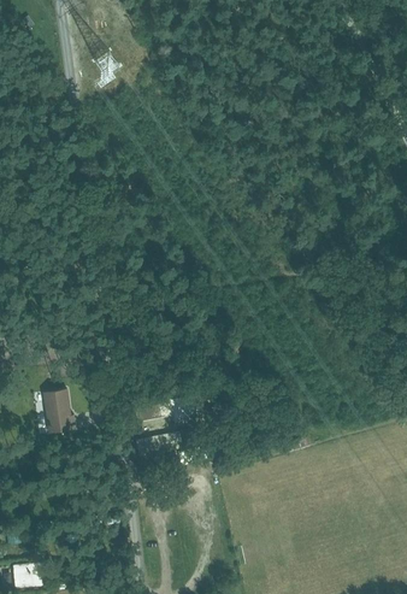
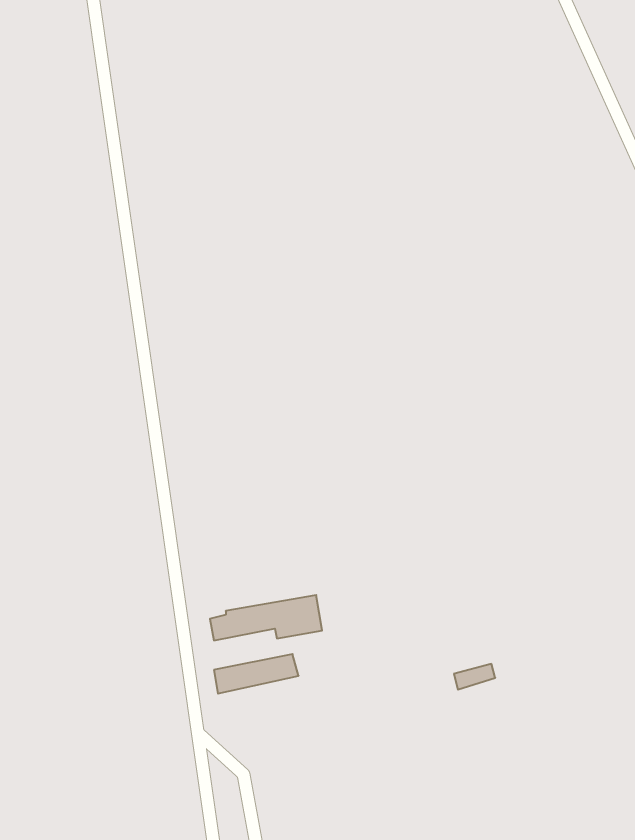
building: [42,389,75,434] -> none

